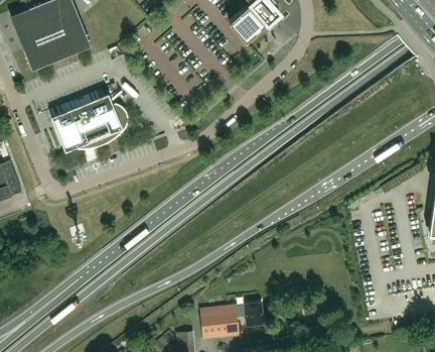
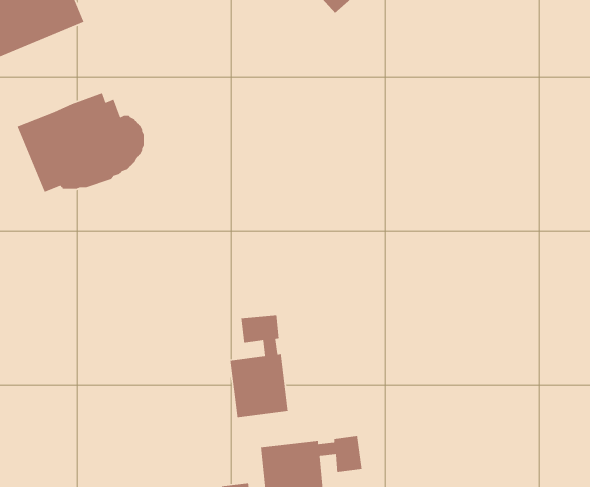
building: none -> [230,314,289,418]

